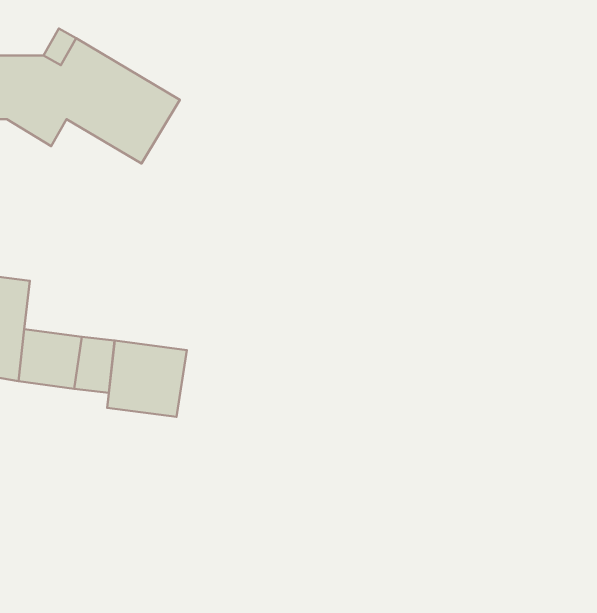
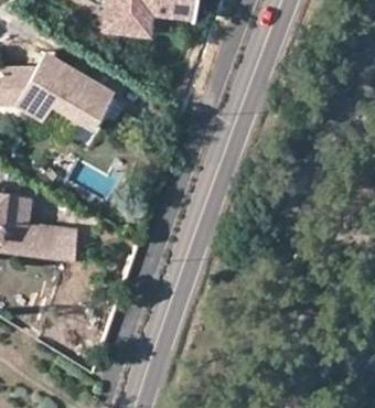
building: [107,341,187,417] -> none

